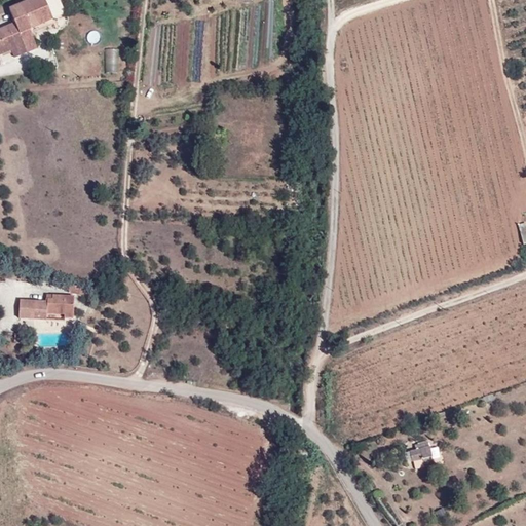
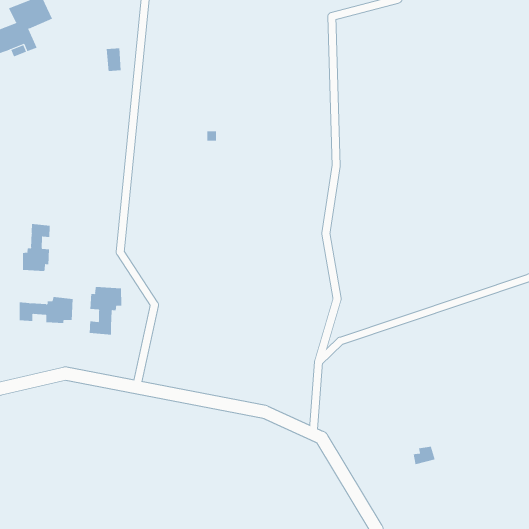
building: none -> [23,223,50,272]
building: none -> [89,286,122,335]

